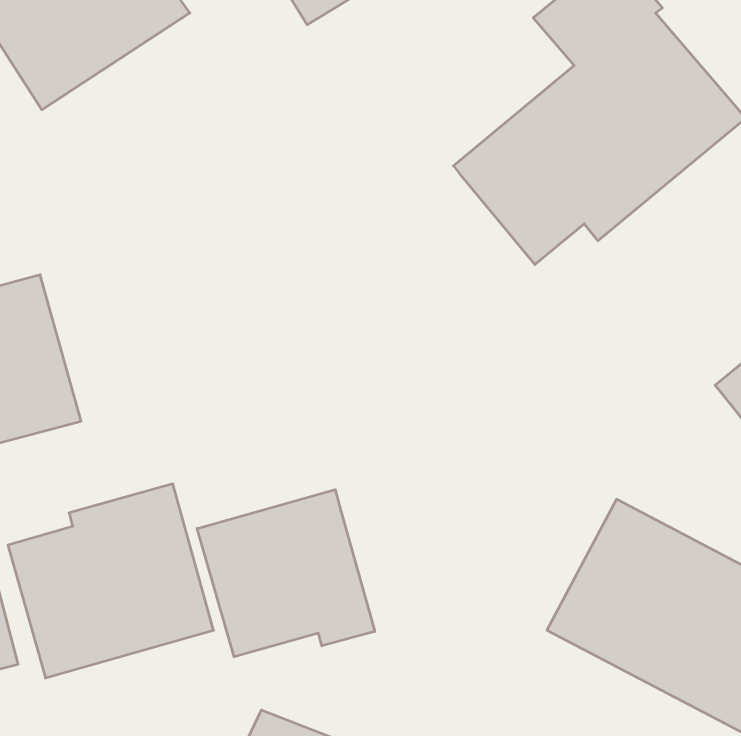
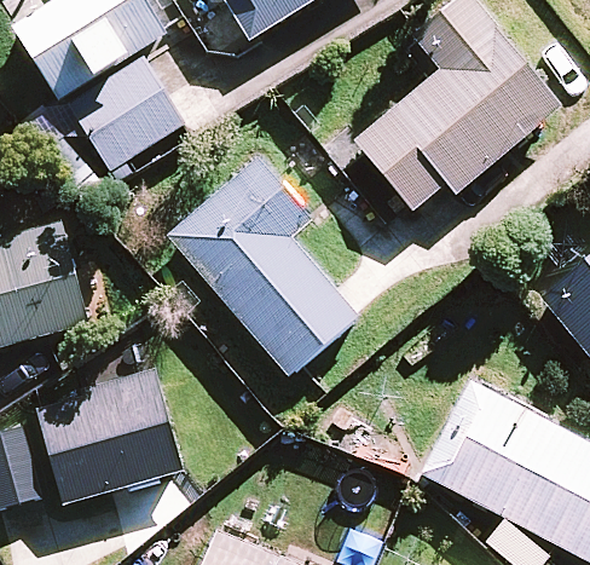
building: none -> [70,53,186,166]
building: none -> [166,154,359,374]
building: [197,490,375,657] -> none

